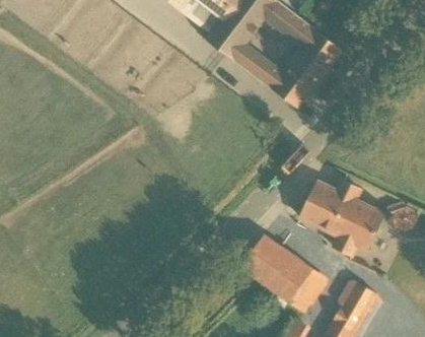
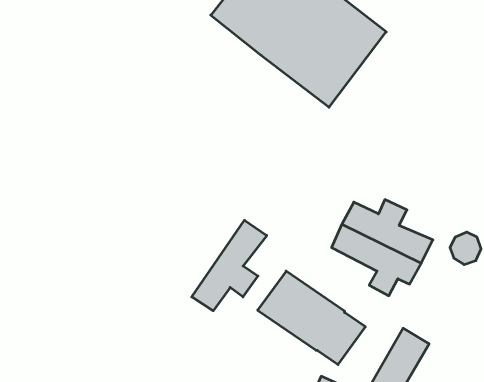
building: none -> [192,220,267,311]

